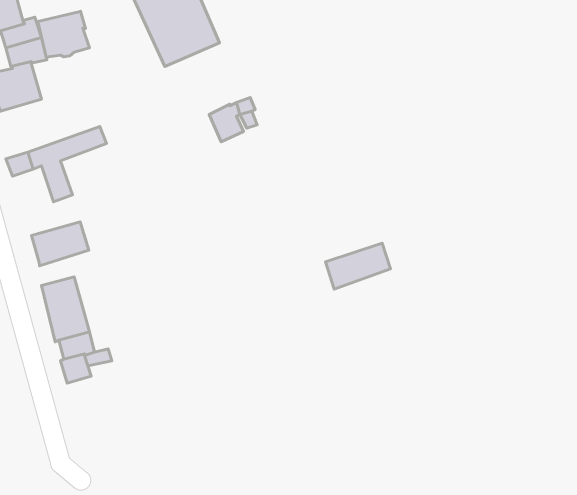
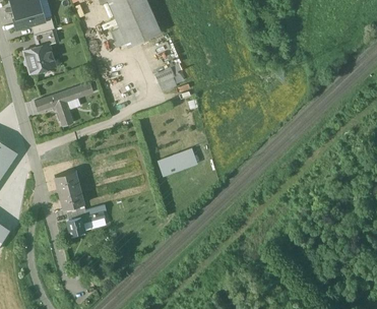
building: [38,11,90,57] -> none
building: [32,222,89,266] -> none
building: [326,243,391,289] -> [158,148,196,176]

